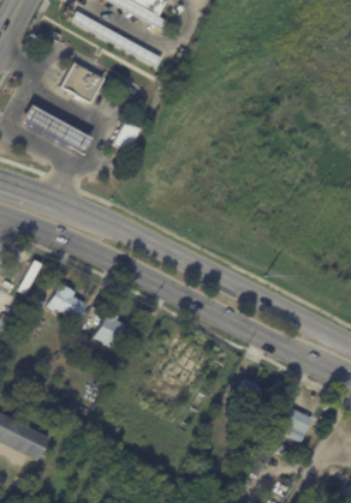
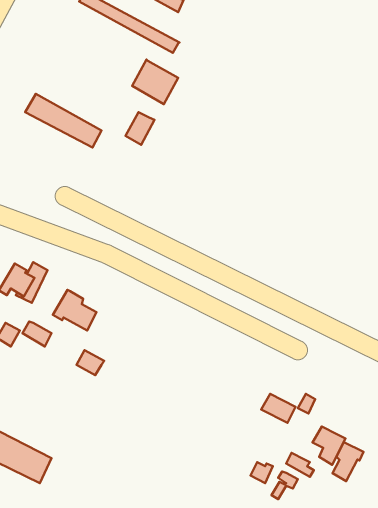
building: [61,61,103,102] -> [132,59,178,104]
building: [95,309,126,346] -> none
building: none -> [333,442,364,481]

